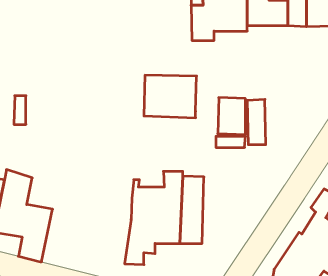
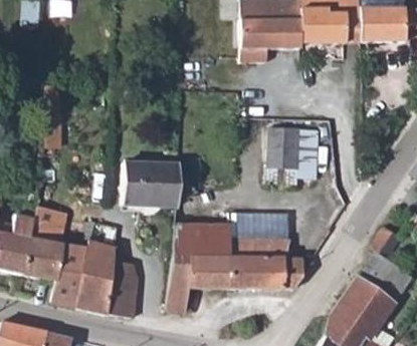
building: [144,75,197,118] -> [122,161,179,208]
building: none -> [251,214,303,287]
building: none -> [76,220,142,317]

